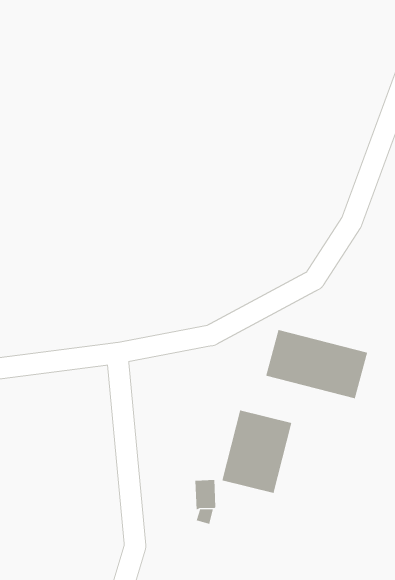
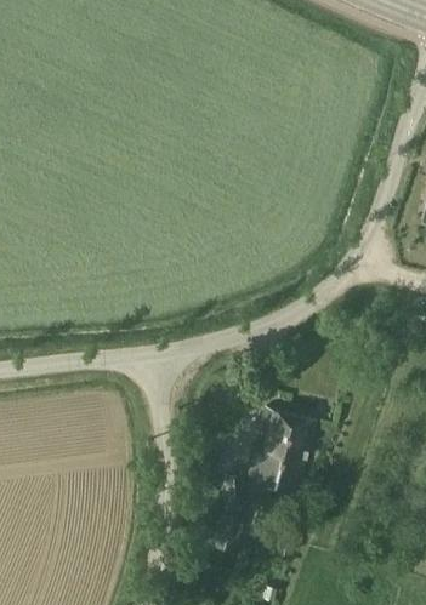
building: [266,329,368,399] -> none

